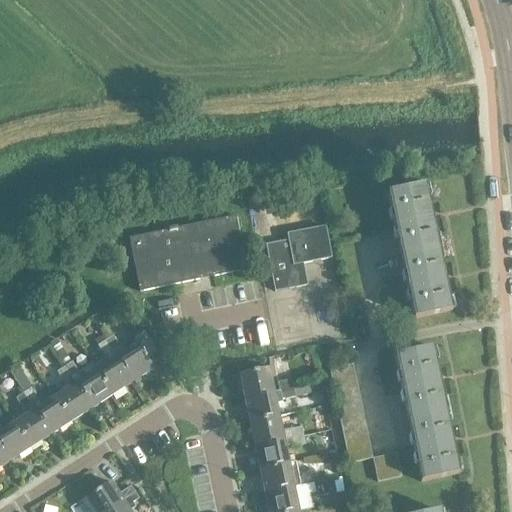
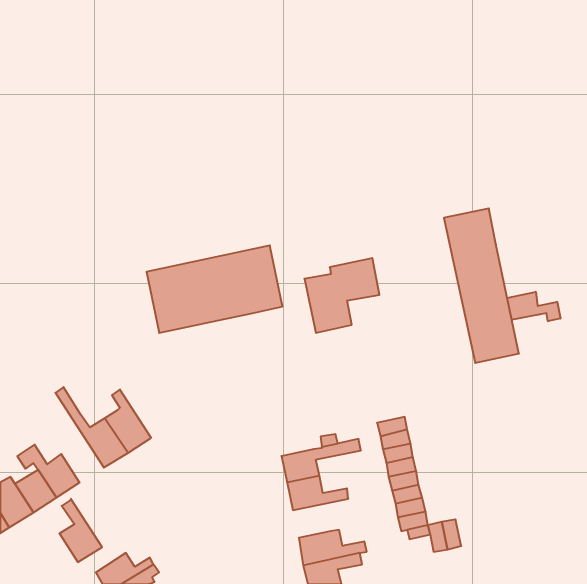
building: none -> [507,292,560,321]
building: [106,329,157,380] -> none
building: [394,344,460,479] -> none
building: [55,364,92,419] -> [59,499,102,562]
building: [241,365,274,396] -> none
building: [256,433,306,467] -> none

